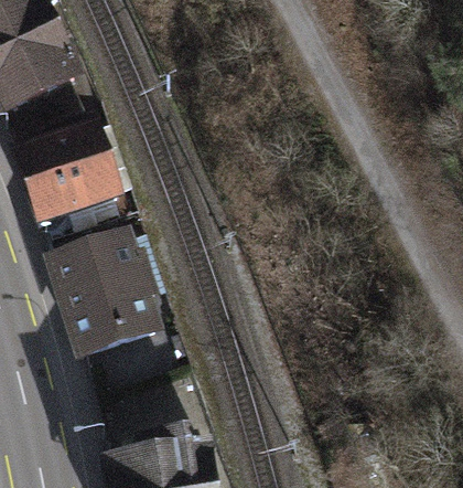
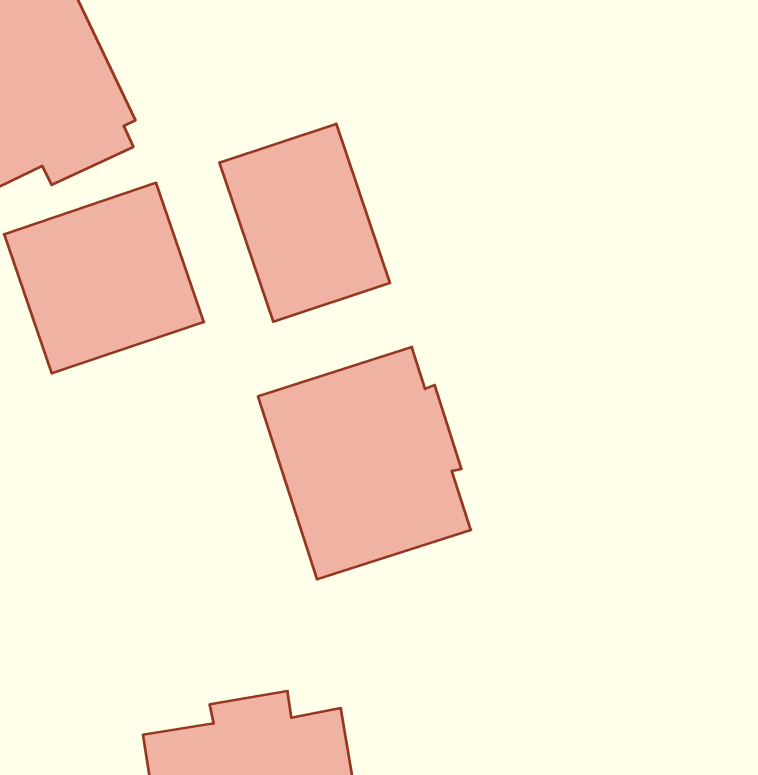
building: none -> [220,124,390,322]
building: [42,227,165,362] -> [258,347,471,579]

